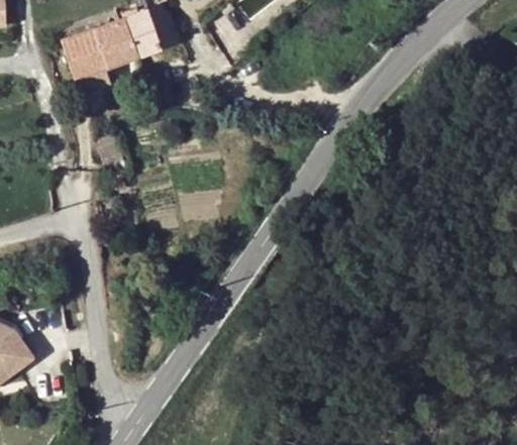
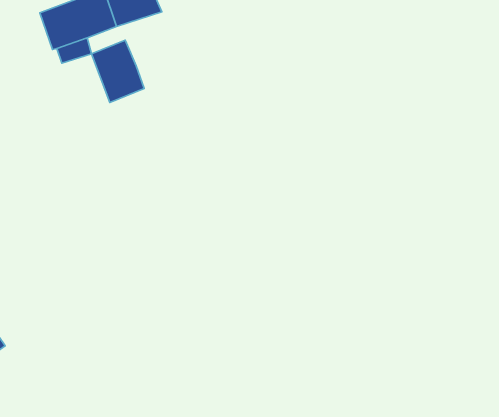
building: none -> [91,40,144,103]

